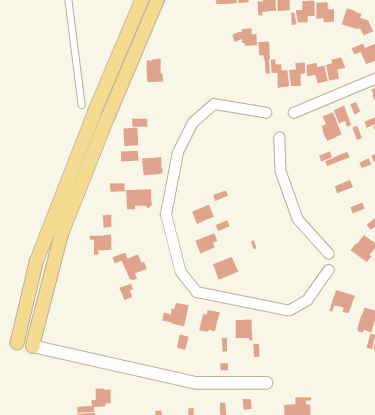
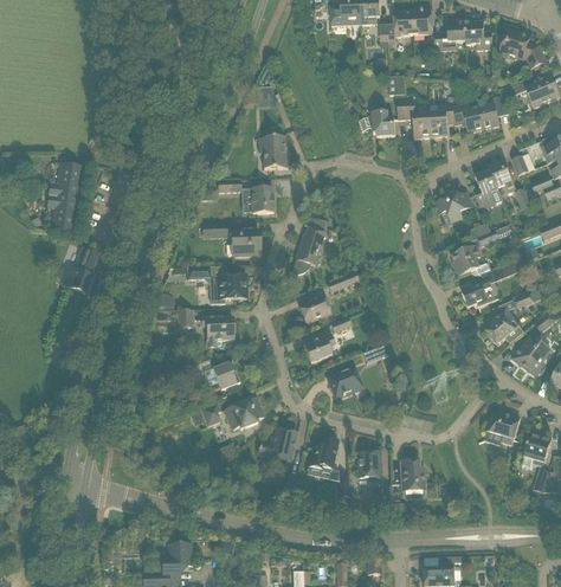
building: [232,28,258,46] -> [360,110,395,135]
building: [146,58,164,83] -> [263,134,288,167]
building: none -> [52,162,84,230]
building: none -> [437,186,472,220]
building: [123,127,139,147] -> [251,186,273,212]
building: none -> [291,225,324,272]
building: none -> [452,244,491,275]
building: none -> [62,246,98,291]
building: none -> [462,277,492,305]
building: none -> [486,308,524,343]
building: [89,234,112,255] -> [201,316,233,344]
building: none -> [224,395,264,428]
building: none -> [400,457,425,498]

